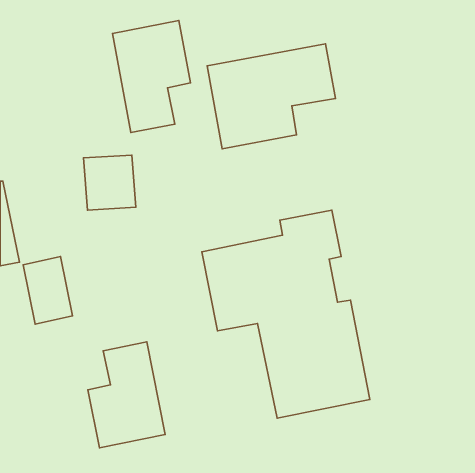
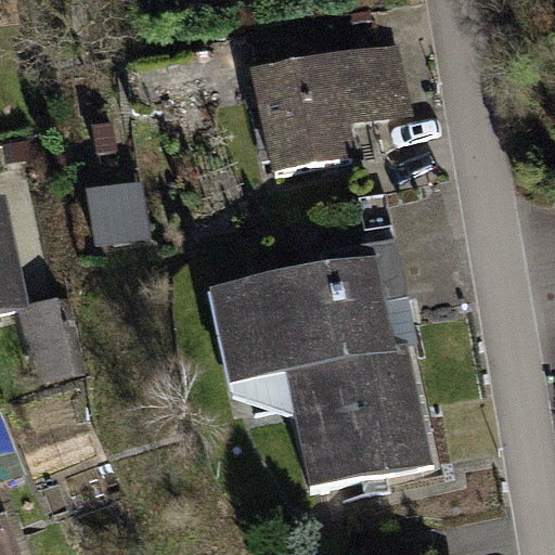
building: [112,21,190,132] -> none
building: [88,342,165,448] -> none

